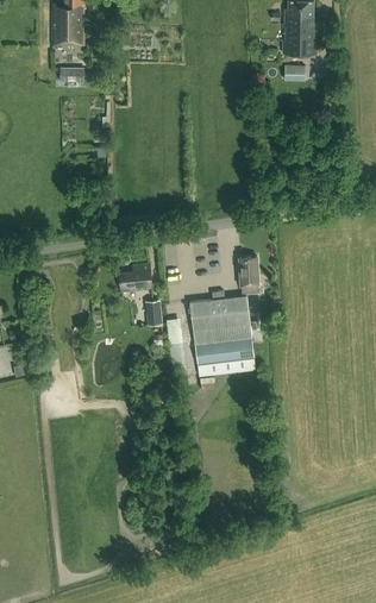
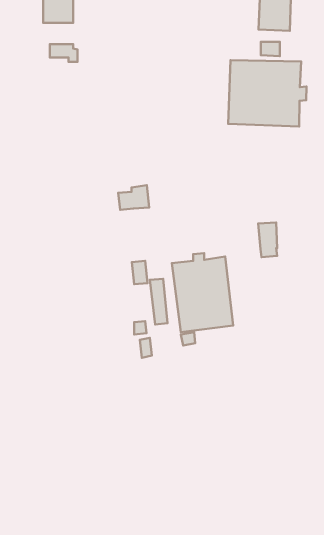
building: none -> [228,60,306,127]
building: [238,257,258,294] -> [258,223,277,257]
building: [118,265,151,291] -> [118,185,149,210]

